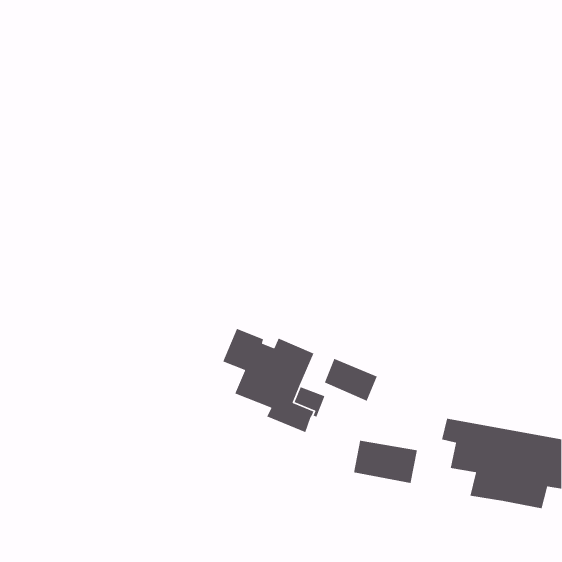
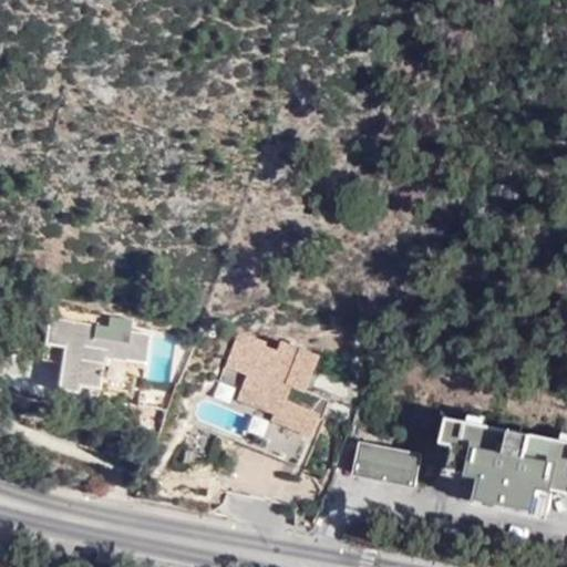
building: none -> [41,316,146,394]
building: [324,358,378,402] -> none

